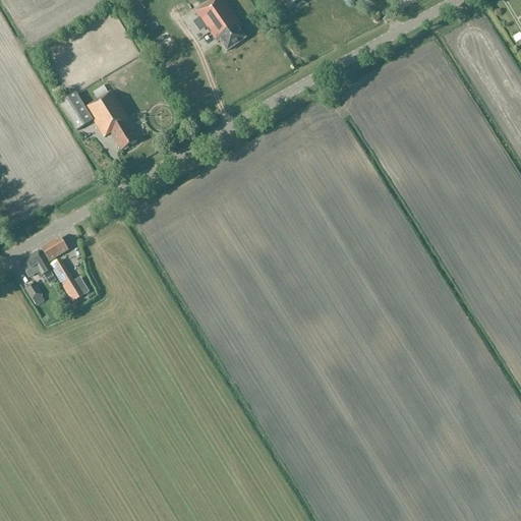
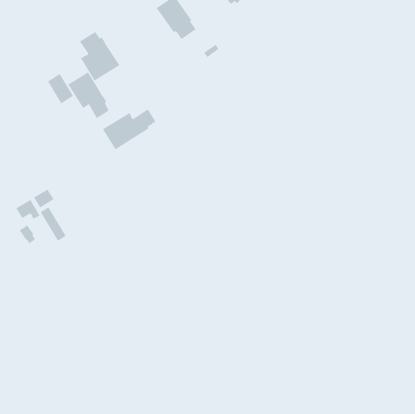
building: none -> [79,31,120,81]
building: none -> [102,109,156,150]

